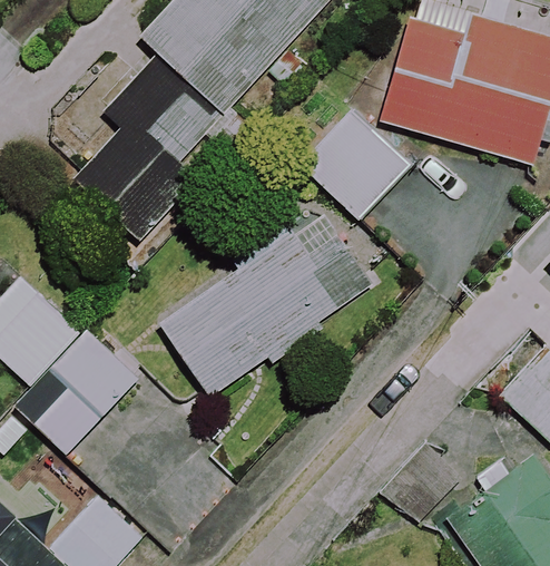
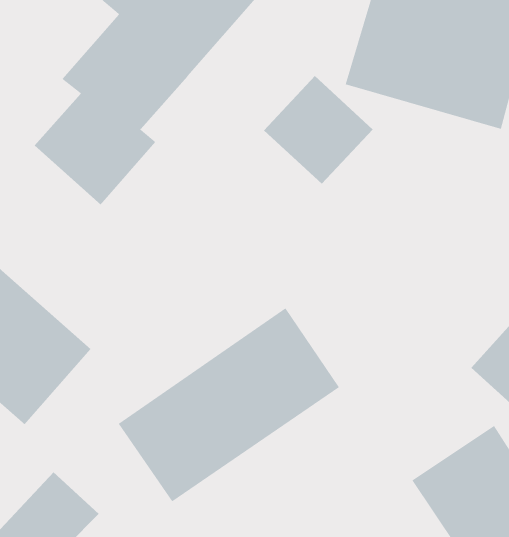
building: [158,208,373,397] -> [118,308,340,502]

